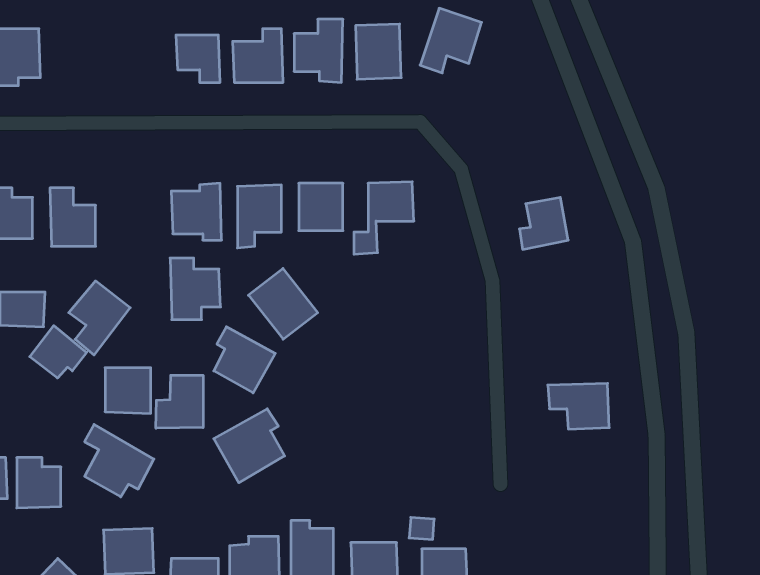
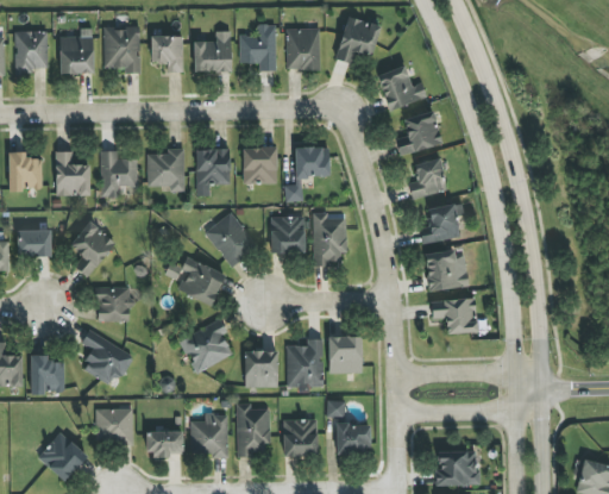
building: none -> [102,26,140,73]
building: none -> [59,29,93,73]
building: none -> [377,65,426,110]
building: none -> [395,111,442,155]
building: none -> [419,202,464,243]
building: [170,258,221,320] -> [100,150,138,196]
building: none -> [312,212,345,265]
building: none -> [270,215,304,254]
building: none -> [423,248,469,292]
building: [30,326,87,378] -> none
building: [156,375,203,428] -> none
building: none -> [327,336,362,373]
building: none -> [287,338,322,384]
building: none -> [244,350,277,387]

